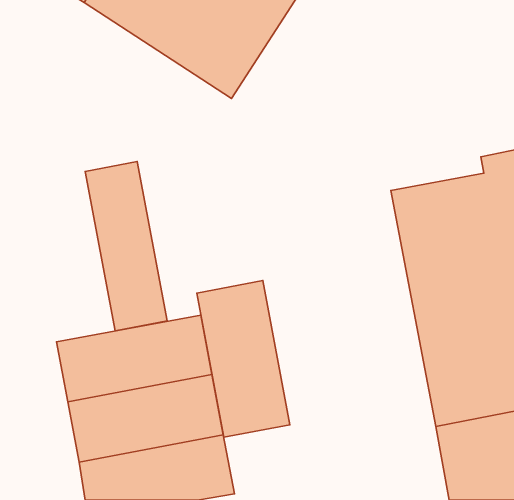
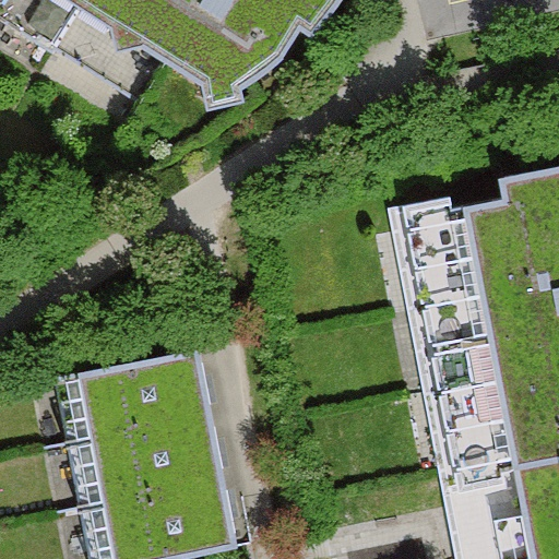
building: [85,161,167,331] -> none
building: [197,280,290,437] -> none

